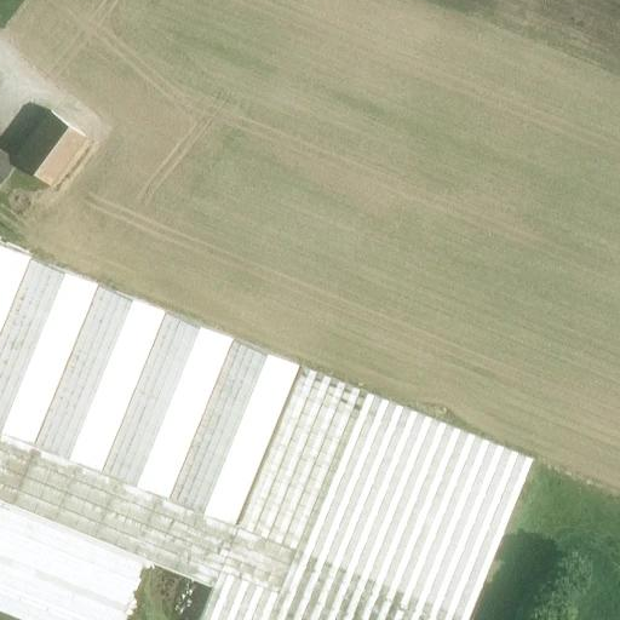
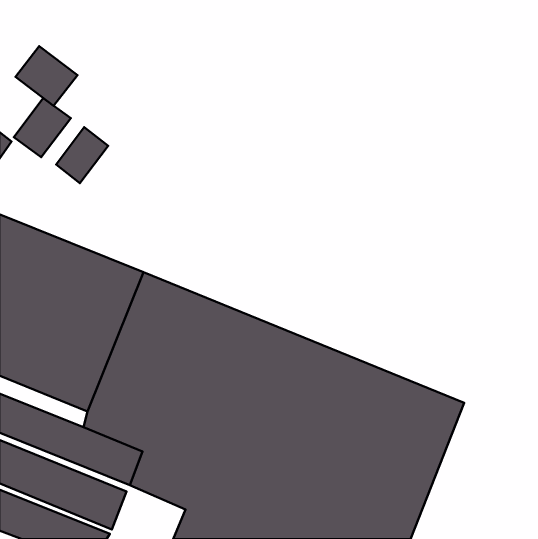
building: none -> [16,46,77,106]
building: none -> [56,127,108,183]

